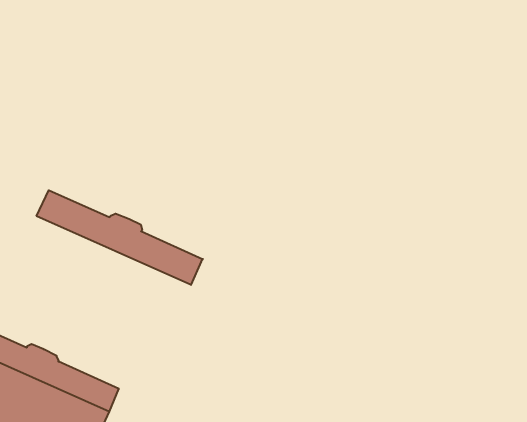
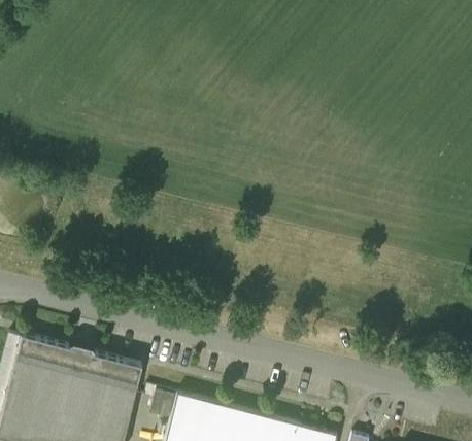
building: [37,190,203,285] -> none

